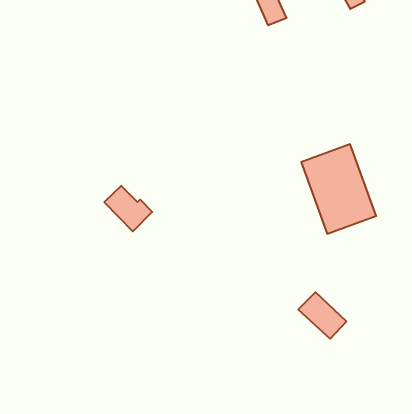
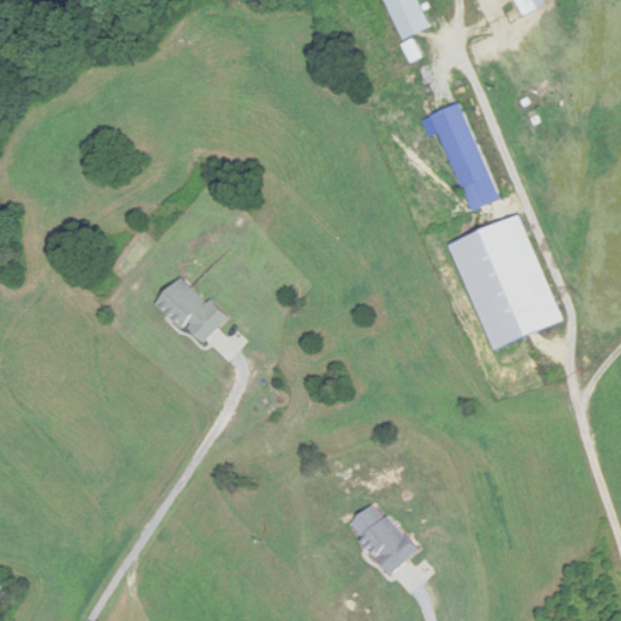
building: none -> [431,102,496,211]
building: [298,292,346,339] -> [346,502,417,571]

